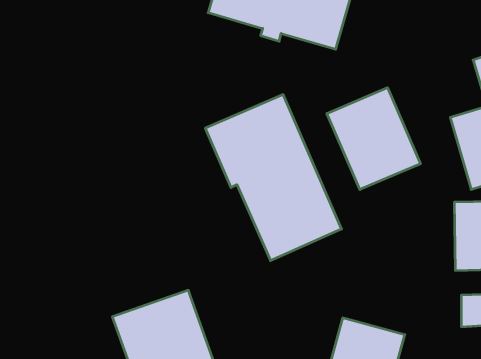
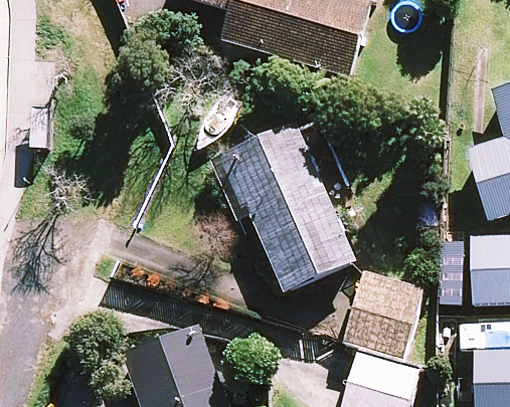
building: [327,88,420,190] -> none
building: none -> [343,270,423,356]

